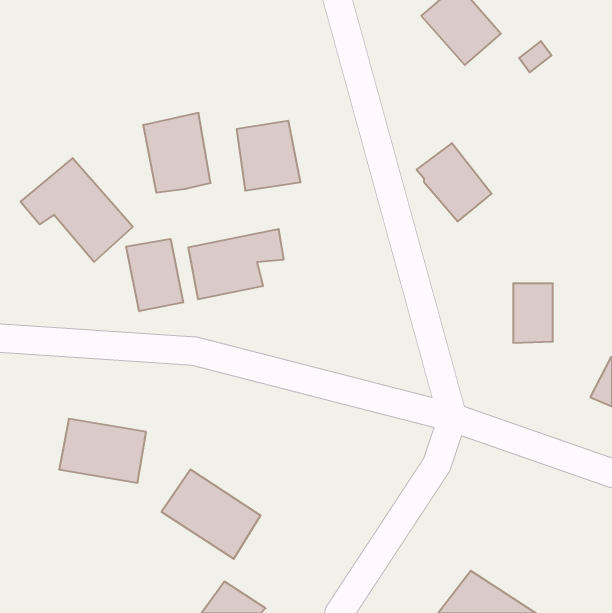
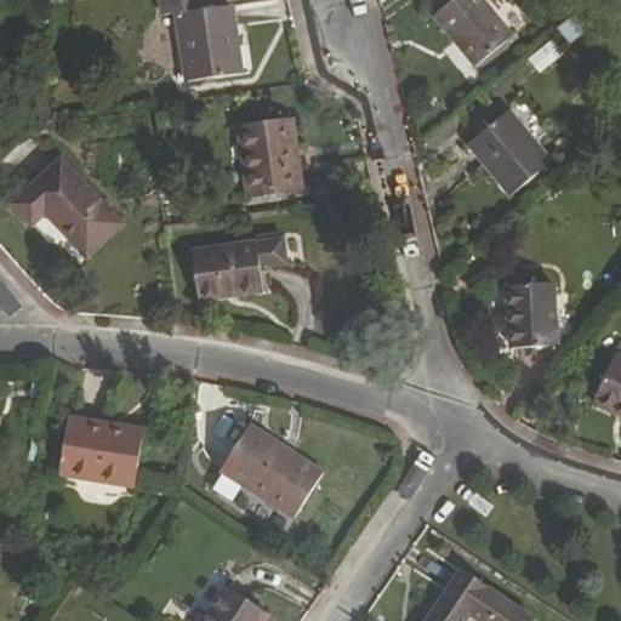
building: [143,113,211,193] -> [171,7,239,87]
building: [417,143,492,221] -> [468,108,543,187]
building: [126,239,183,311] -> none
building: [162,470,261,559] -> [221,432,320,522]

